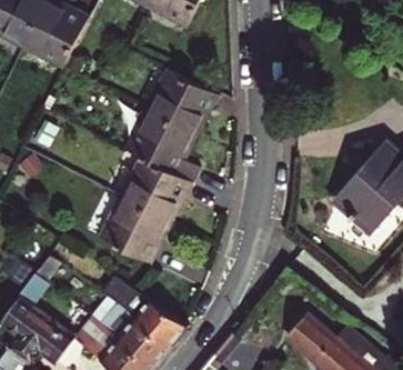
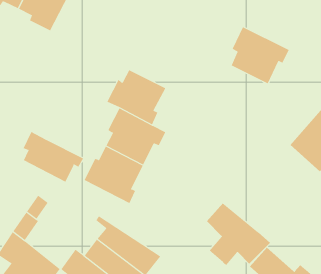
building: [150,68,216,133] -> [231,26,290,84]
building: none -> [23,131,84,182]
building: none -> [206,202,271,266]

